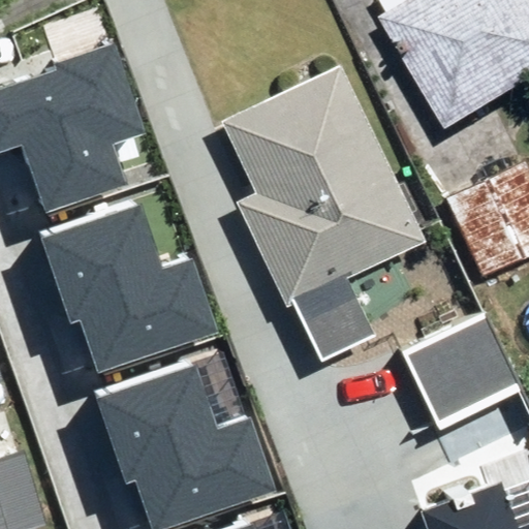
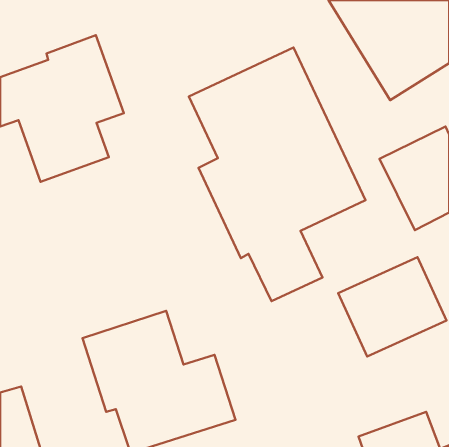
building: [40,209,221,377] -> none

